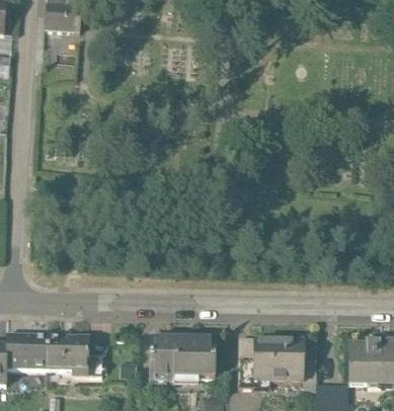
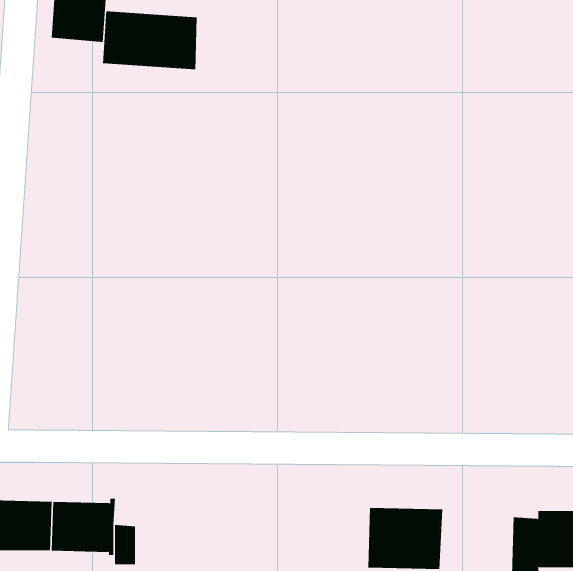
building: none -> [102,11,197,70]
building: [151,336,217,376] -> none

